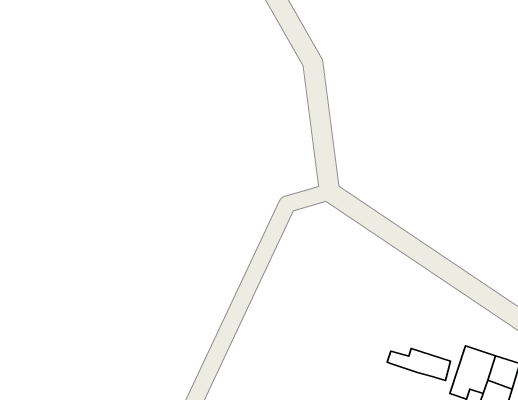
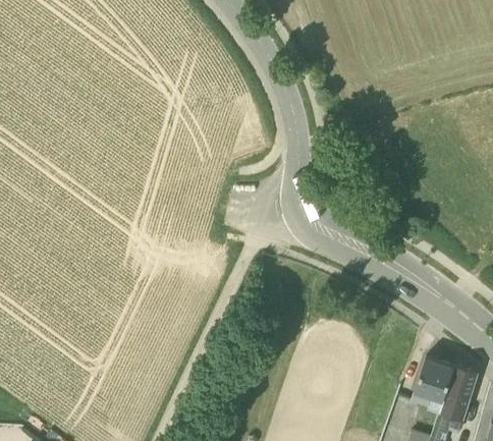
building: [387,348,450,381] -> none

